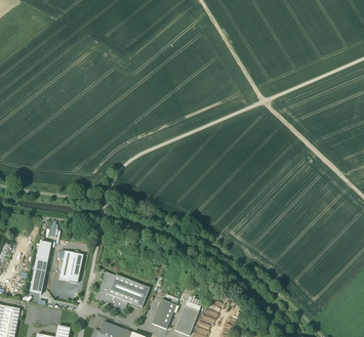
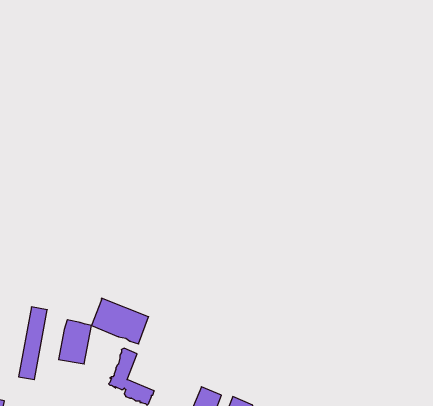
building: [108,273,149,306] -> [91,298,149,344]

